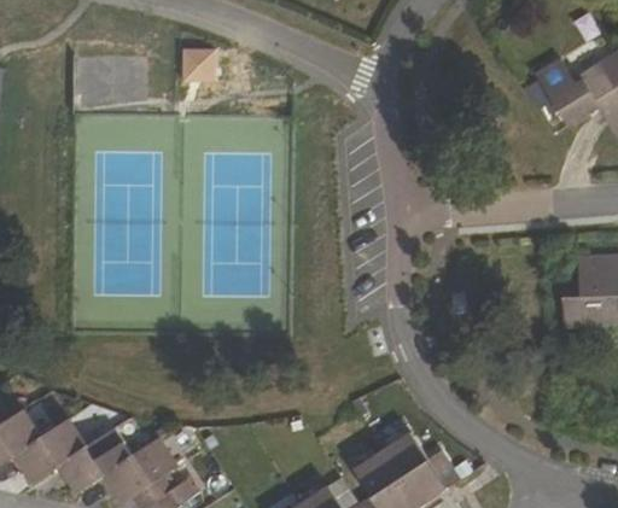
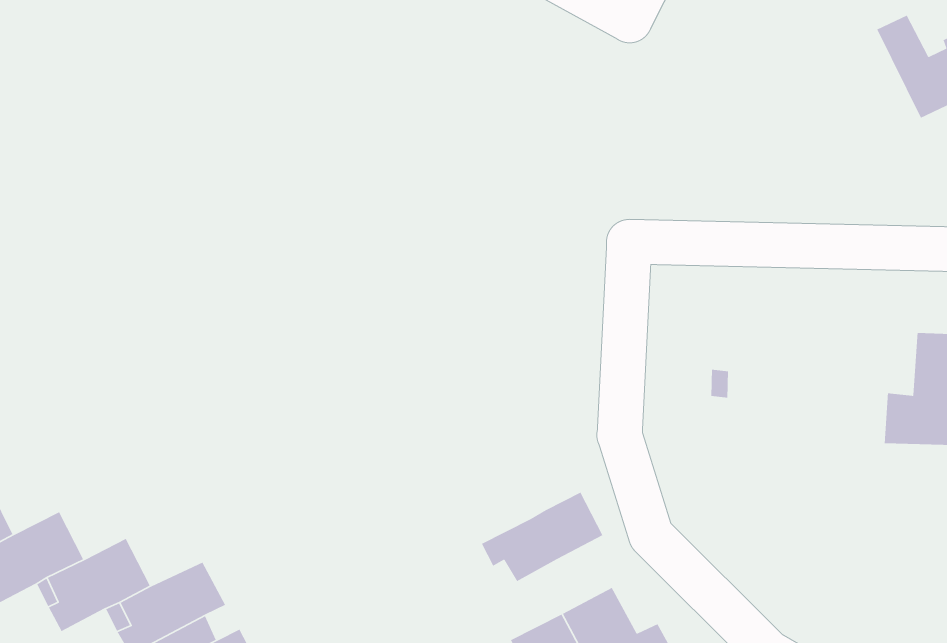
building: none -> [481,491,604,582]

